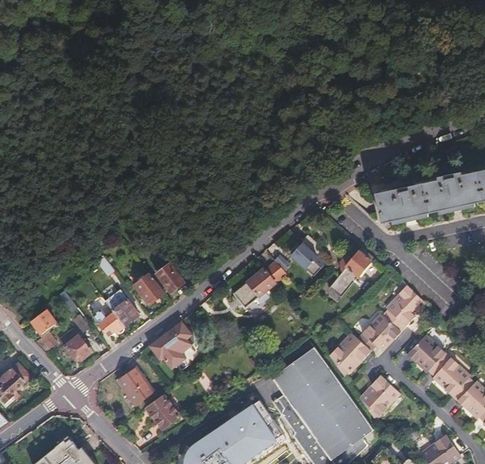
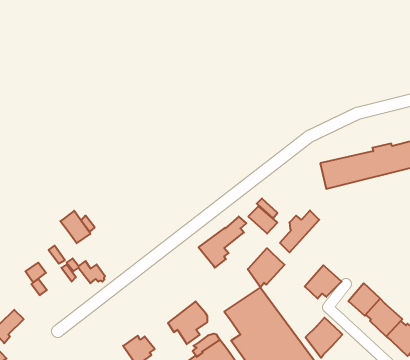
building: [157,265,183,293] -> none
building: [134,273,165,305] -> none
building: [381,285,426,332] -> none
building: [105,288,140,326] -> [60,211,90,243]
building: [149,320,195,370] -> [168,301,207,344]
building: [63,333,92,359] -> none
building: [329,333,372,378] -> [248,248,285,287]
building: [119,367,153,403] -> none

